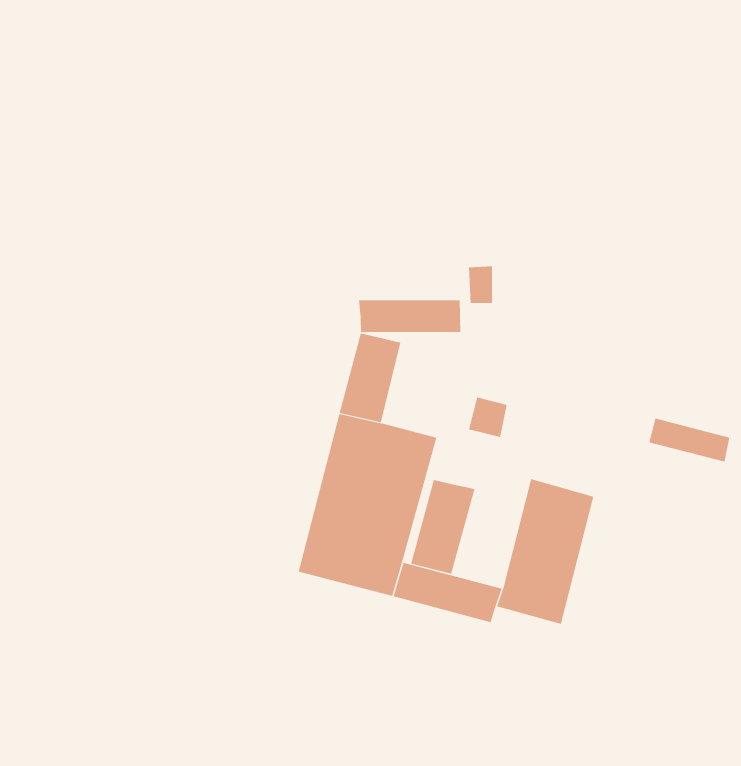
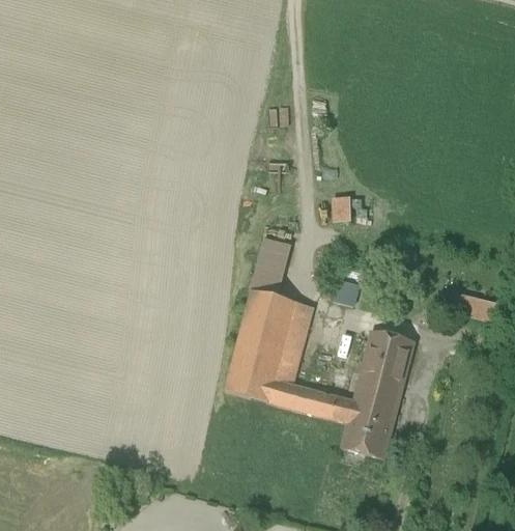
building: [358,300,461,333] -> none
building: [410,479,475,575] -> none
building: none -> [342,412,392,457]

